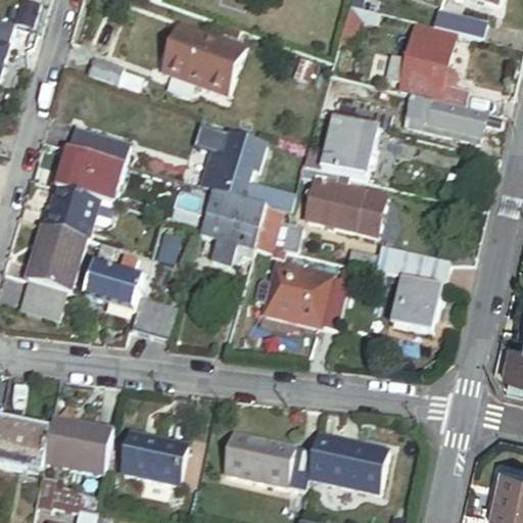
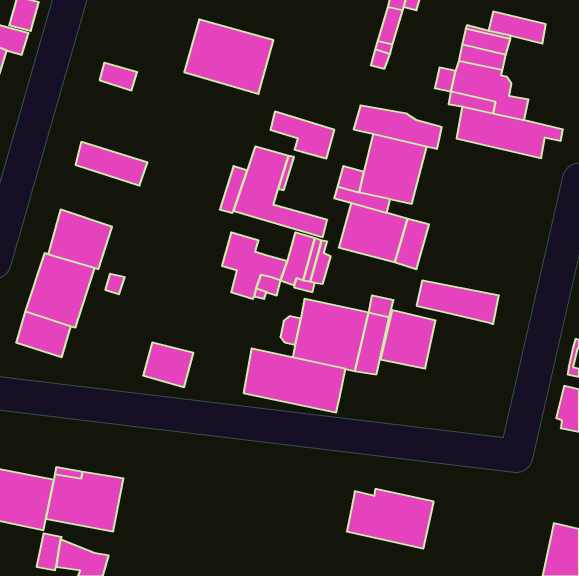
building: [54,147,125,205] -> none
building: [206,191,264,233] -> [270,112,334,159]
building: [83,254,140,311] -> none
building: [388,279,437,331] -> [381,310,436,369]
building: [224,431,315,488] -> [244,348,345,412]
building: [122,434,189,484] -> none

